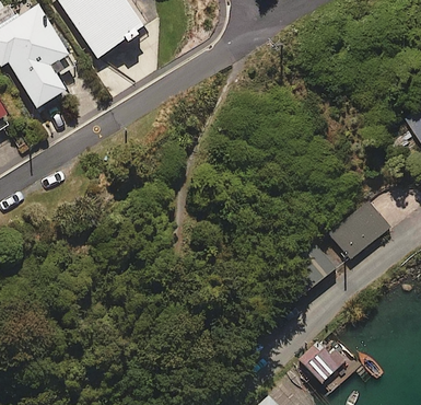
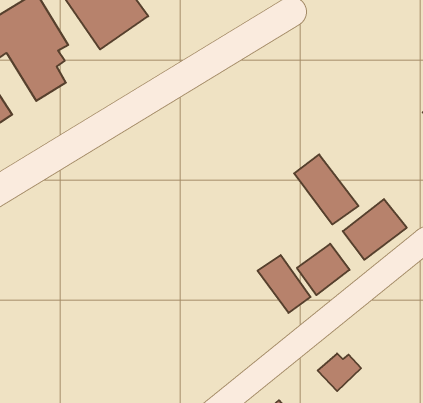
building: none -> [294,154,358,224]
building: none -> [258,255,311,313]

